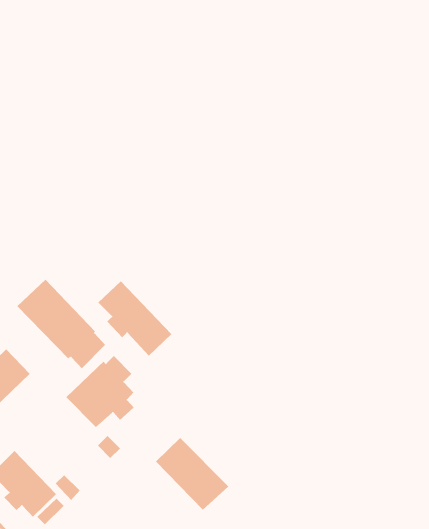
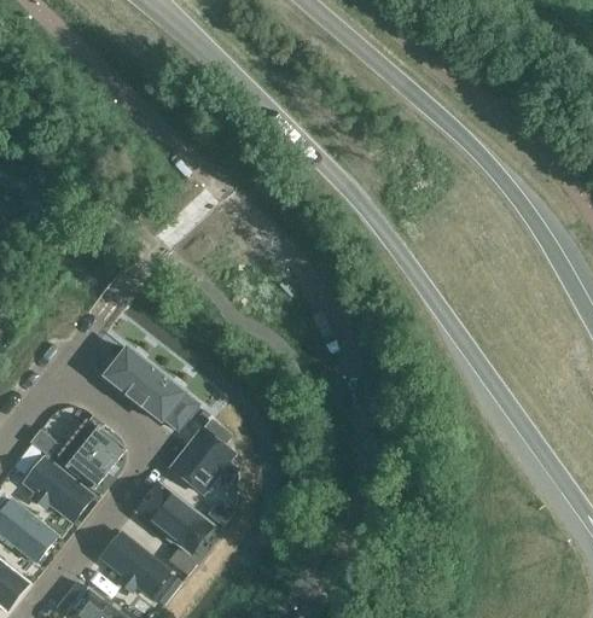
building: [98,280,172,356] -> none
building: [155,437,229,511] -> [135,478,216,552]

